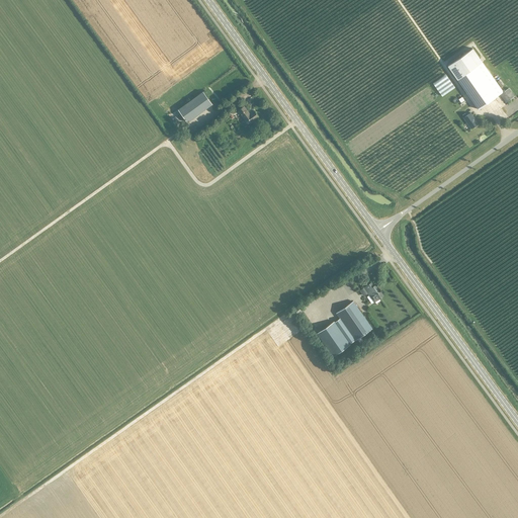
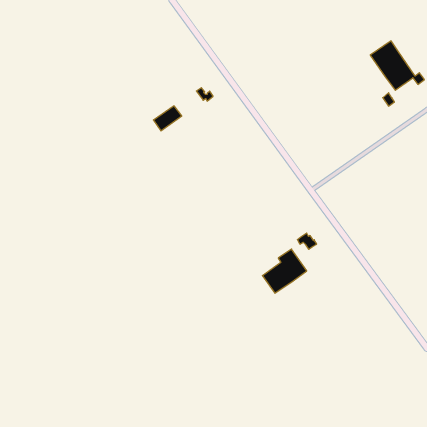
building: [178,92,212,122] -> [153,106,182,131]

